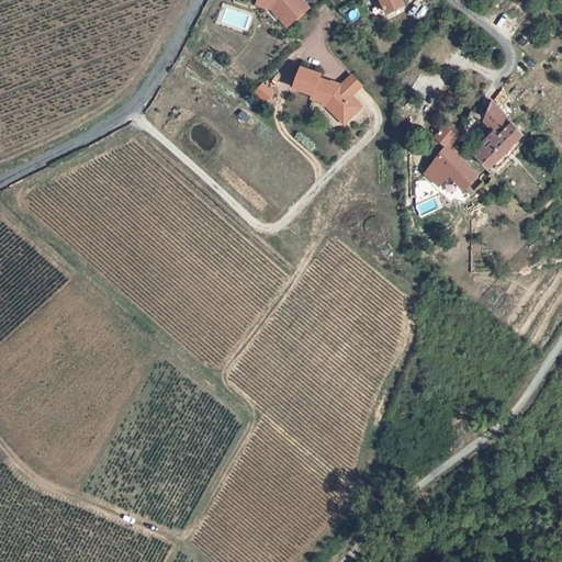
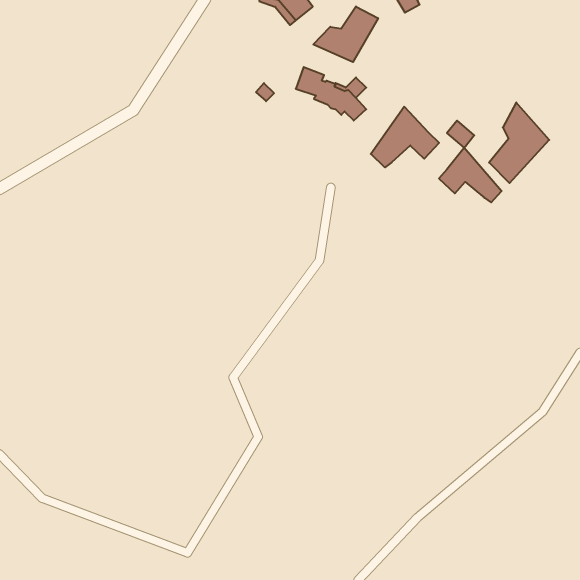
building: none -> [313,6,378,62]
building: none -> [371,107,439,167]

